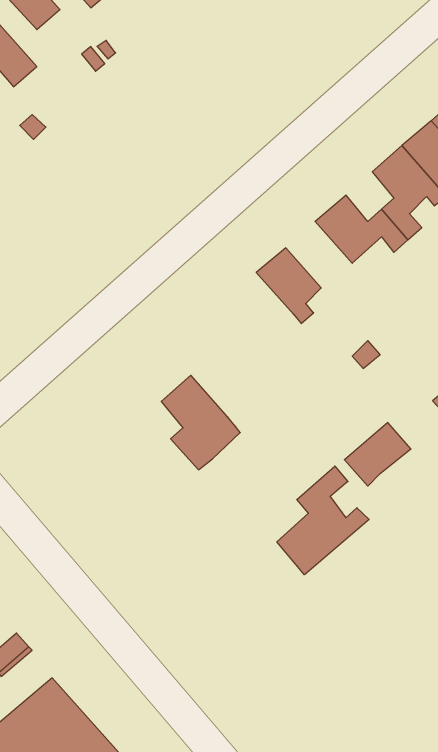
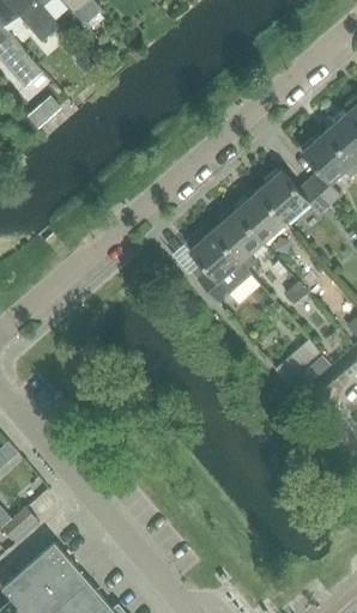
building: none -> [235,190,286,242]
building: [161,375,240,470] -> [189,230,250,303]
building: [277,466,369,575] -> none

